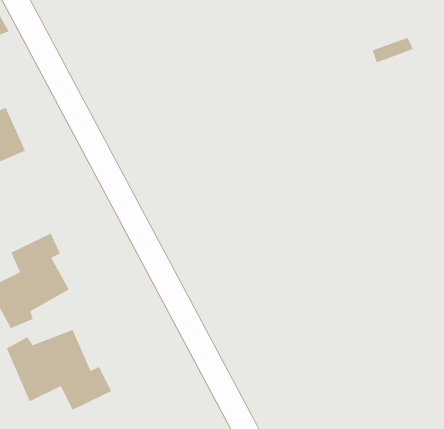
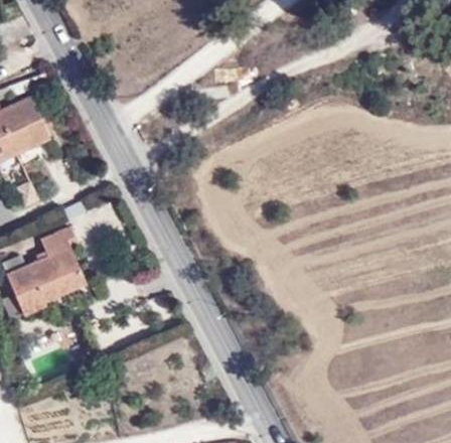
building: [6,329,112,411] -> none

